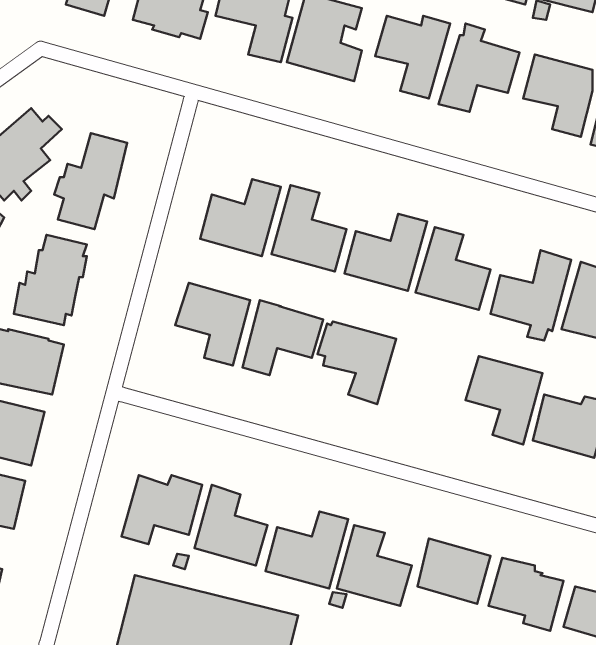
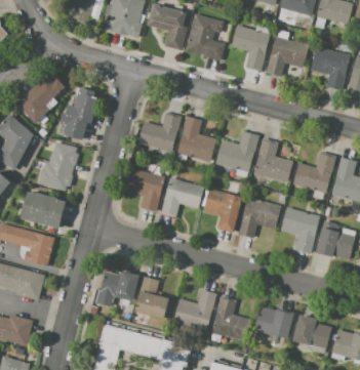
building: none -> [237,197,279,238]

